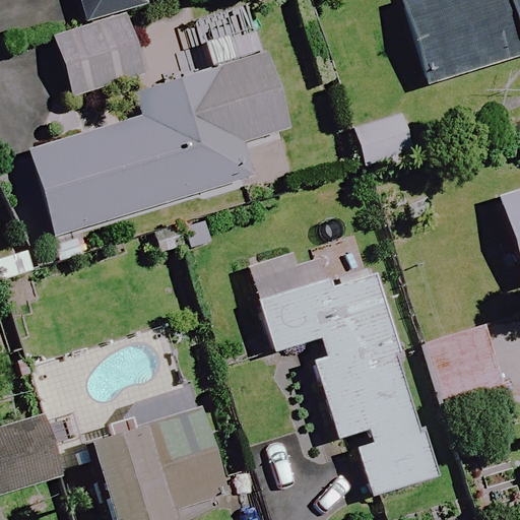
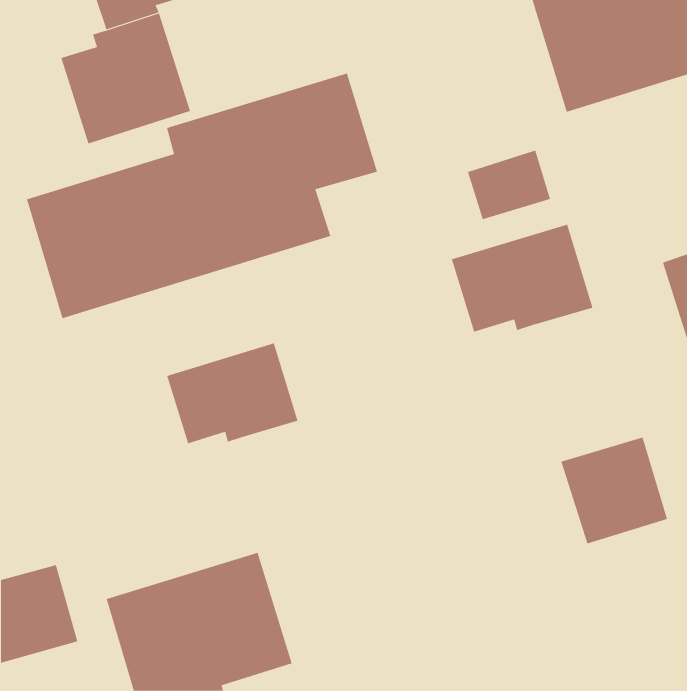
building: none -> [451,224,593,333]
building: none -> [166,342,298,444]
building: [259,263,438,495] -> none

